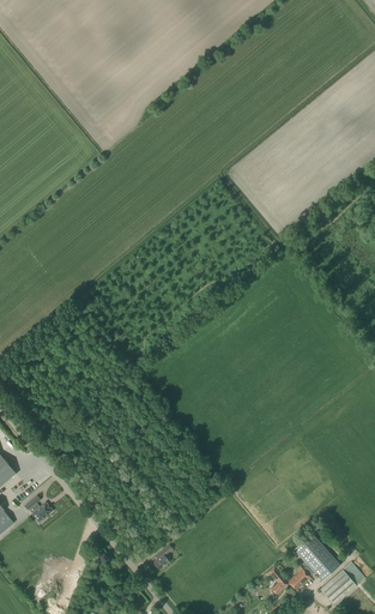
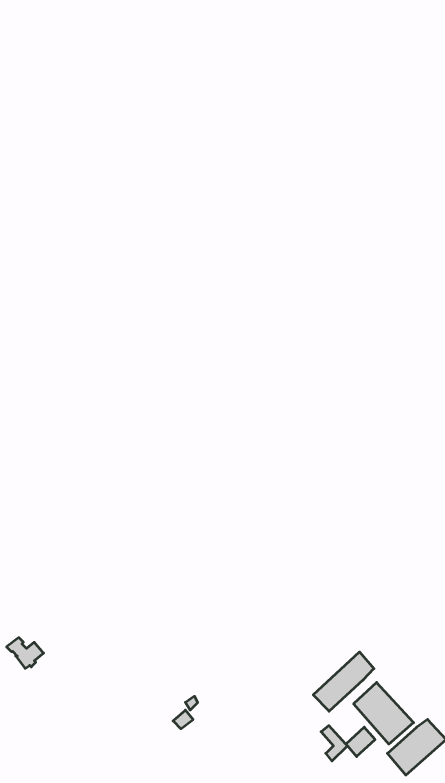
building: none -> [313,652,374,711]

